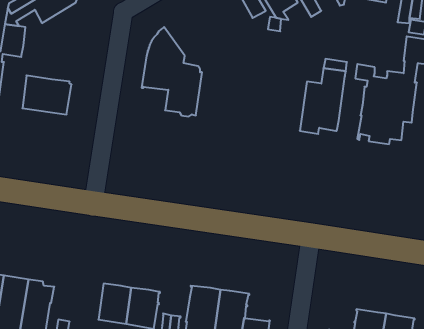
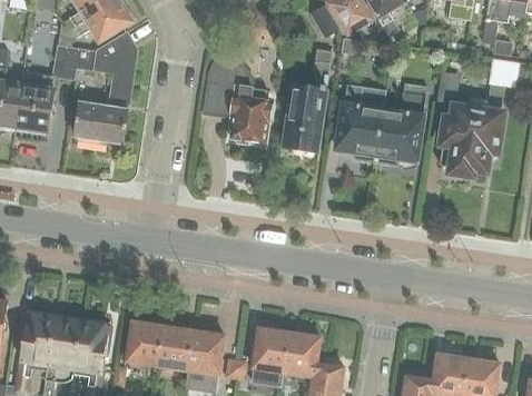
building: none -> [76,31,137,107]
building: none -> [285,49,331,151]
building: none -> [335,83,386,160]
building: none -> [126,321,162,365]

